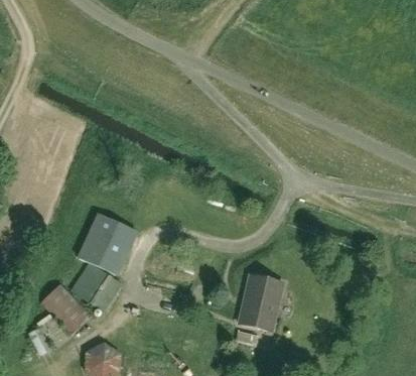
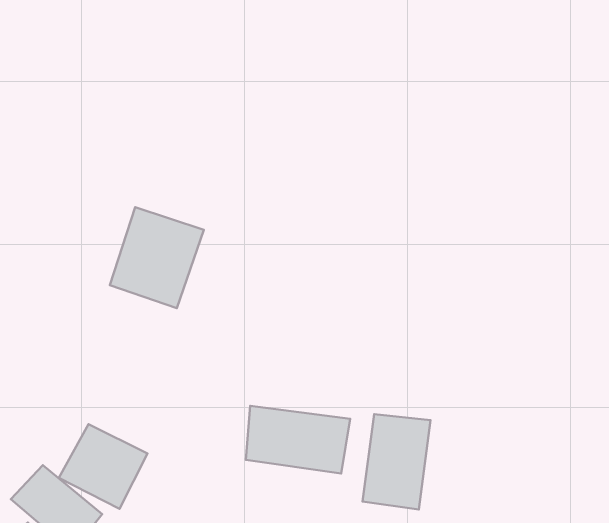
building: [80,214,136,273] -> [110,207,204,308]
building: none -> [246,406,350,474]

